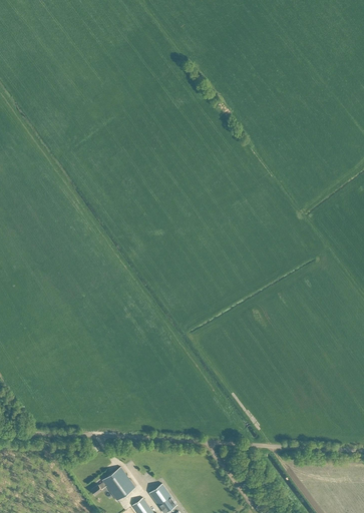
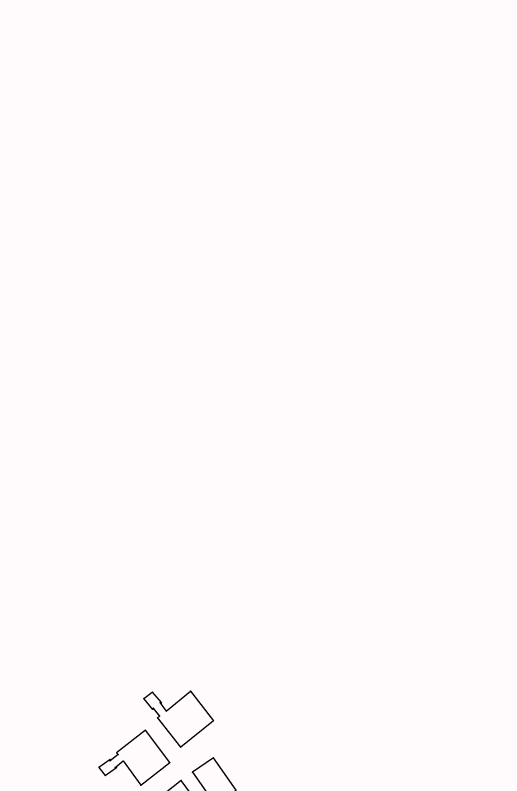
building: none -> [144,691,213,747]

